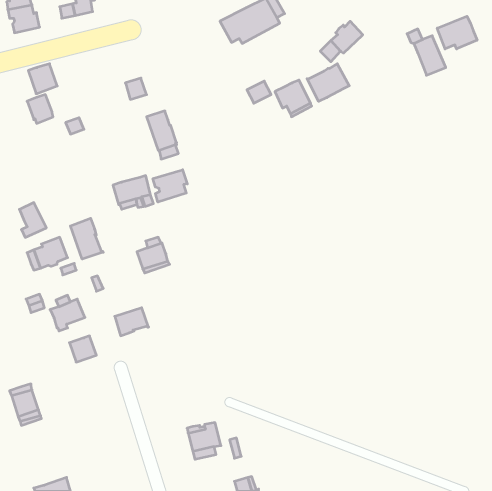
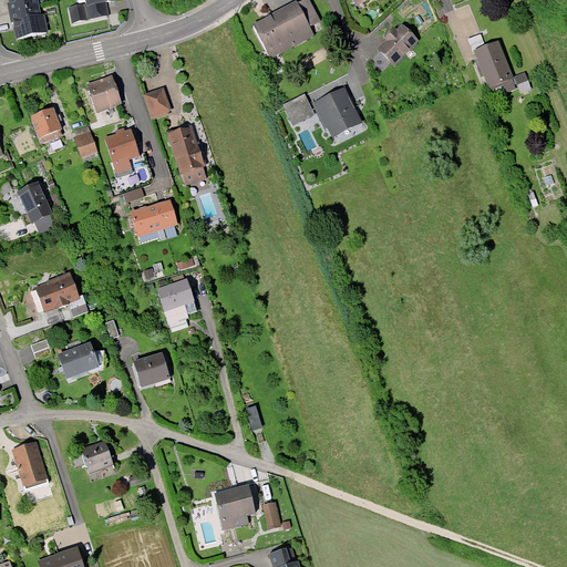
building: [437,16,477,49] -> none
building: [307,64,349,101] -> none
building: [28,64,57,94] -> [87,76,121,111]
building: none -> [104,130,136,163]
building: [153,170,187,202] -> none
building: [19,203,46,237] -> [19,184,50,224]
building: [70,218,103,259] -> none
building: [69,336,96,362] -> [81,441,112,471]

